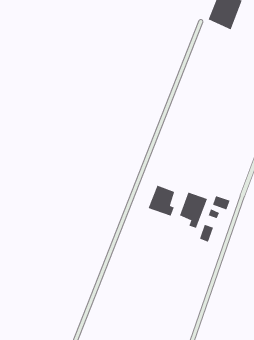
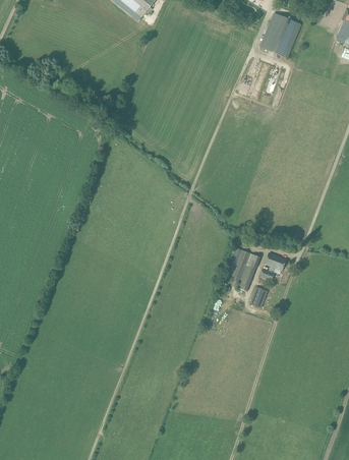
building: [148,185,175,216] -> none

